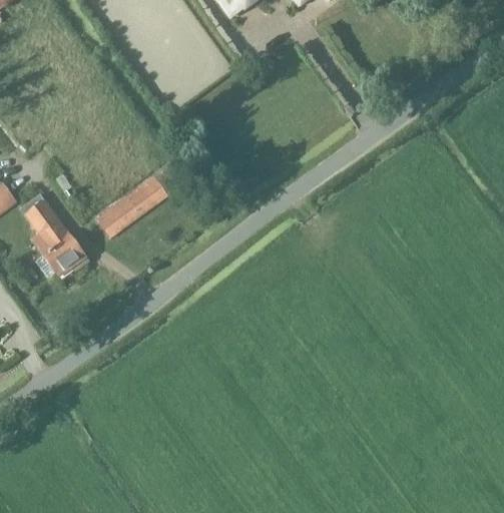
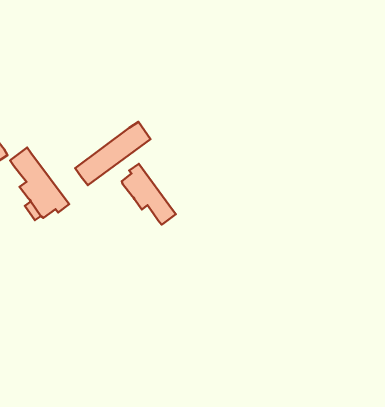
building: none -> [122,164,176,225]

